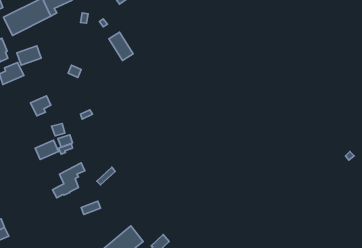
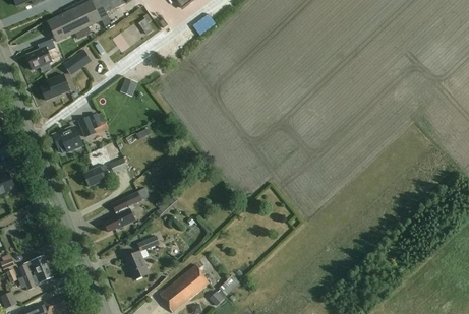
building: [109,32,133,60] -> none
building: none -> [53,126,83,152]
building: none -> [125,249,149,278]

